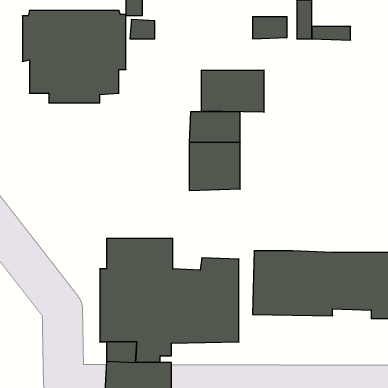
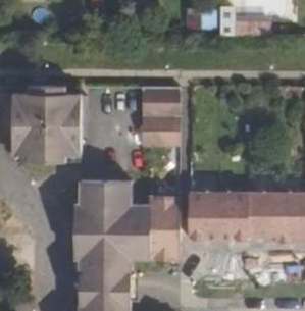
building: [22,10,126,103] -> [7,92,84,160]
building: [202,70,264,112] -> none

